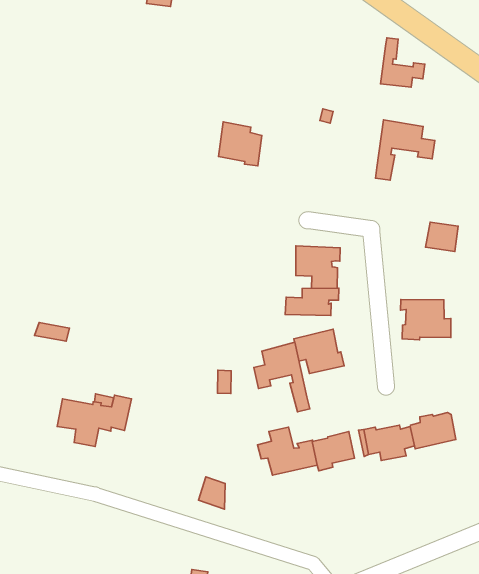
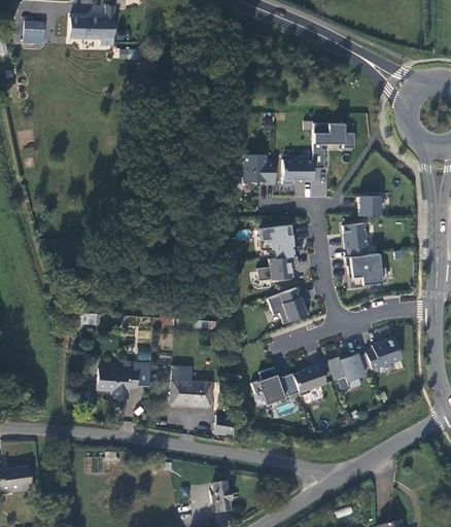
building: [380,38,425,87] -> none
building: [218,122,262,166] -> [244,153,275,183]
building: none -> [283,159,313,183]
building: none -> [343,222,368,256]
building: [254,342,310,412] -> none
building: none -> [170,364,209,403]

